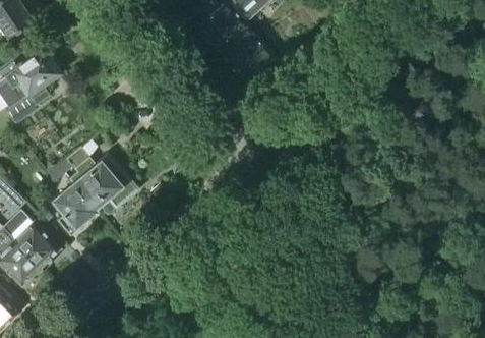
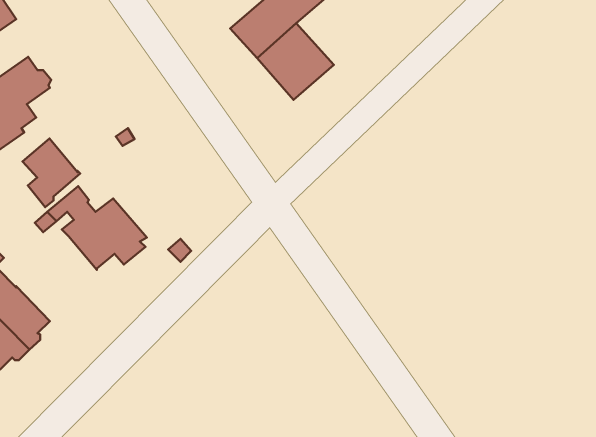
building: [52,184,96,236] -> [22,138,80,207]

